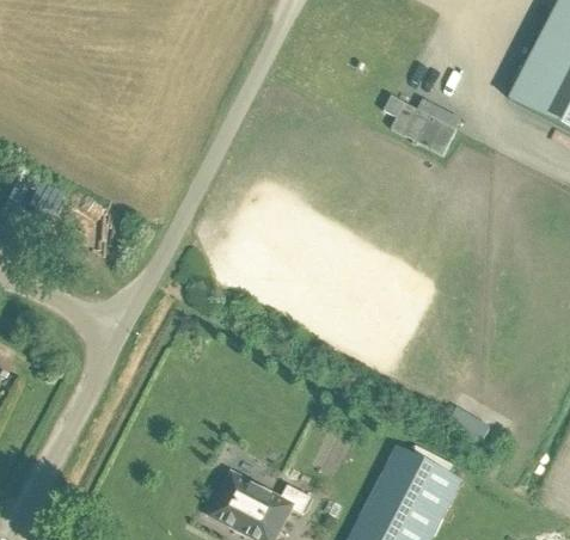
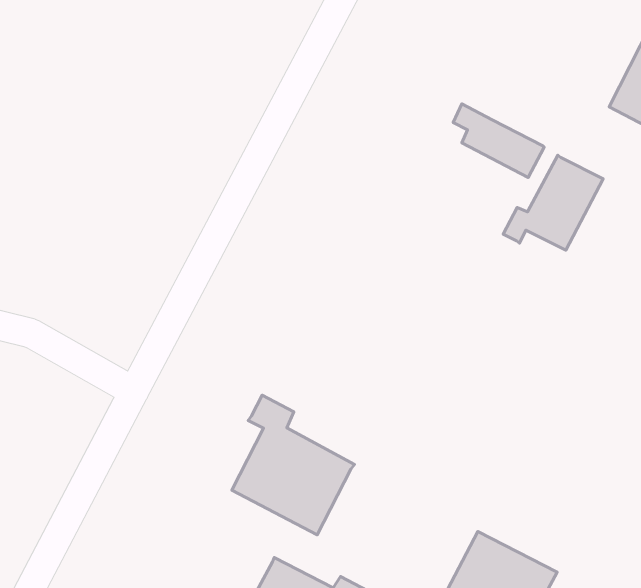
building: none -> [503,155,603,250]
building: none -> [232,395,354,535]

